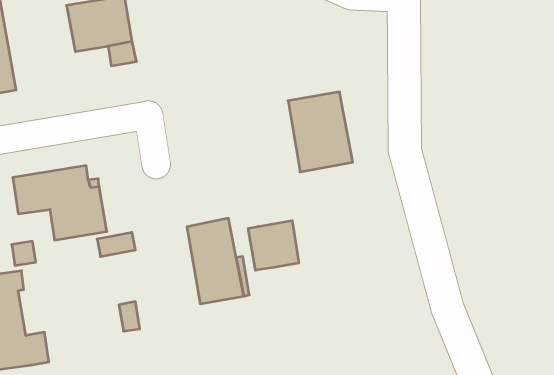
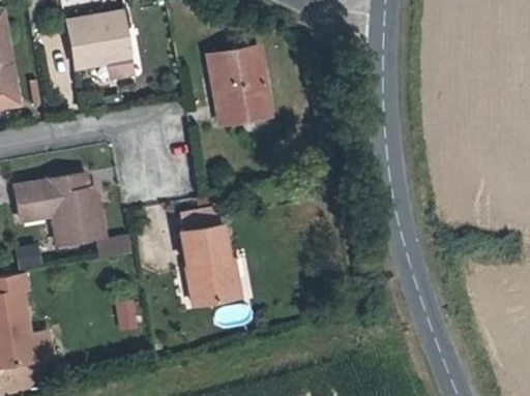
building: [288,92,353,172] -> [207,48,268,123]
building: [248,221,299,270] -> none

